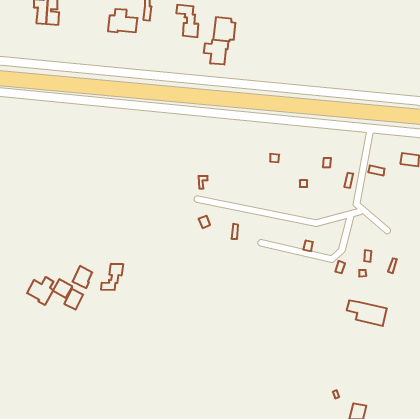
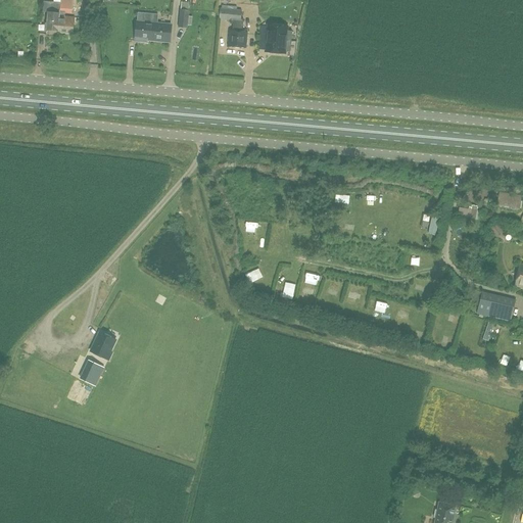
building: [204,40,228,65] -> none
building: [101,264,123,290] -> none
building: [27,277,53,305] -> none
building: [347,300,387,326] -> [465,288,515,320]

